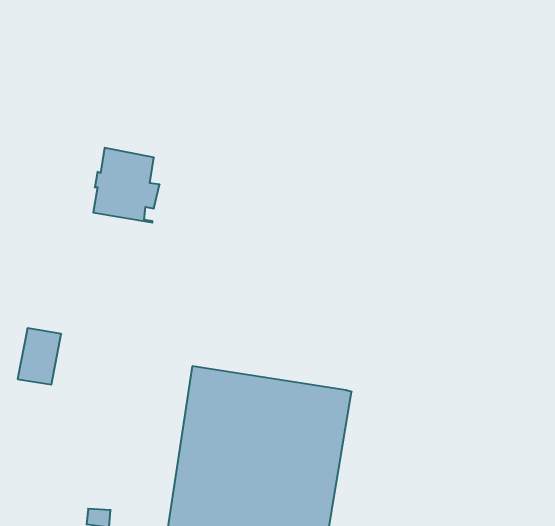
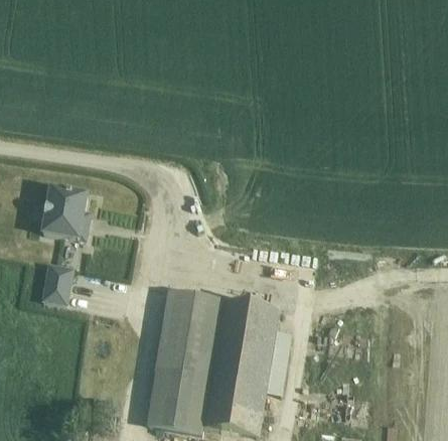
building: [93,148,160,223] -> [43,185,91,239]

